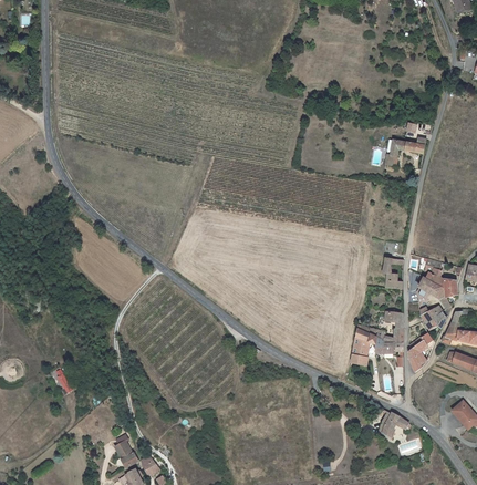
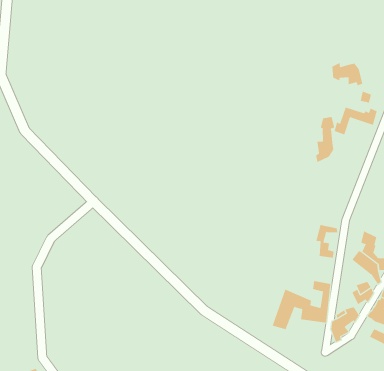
building: none -> [332,62,363,86]
building: none -> [316,116,335,163]

